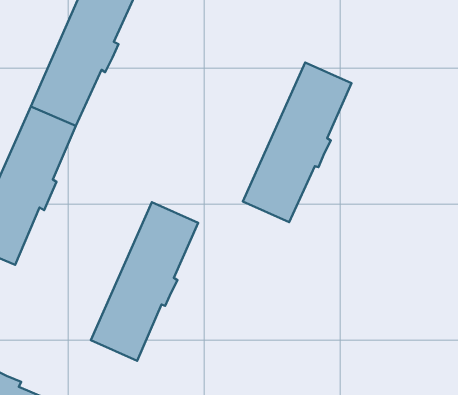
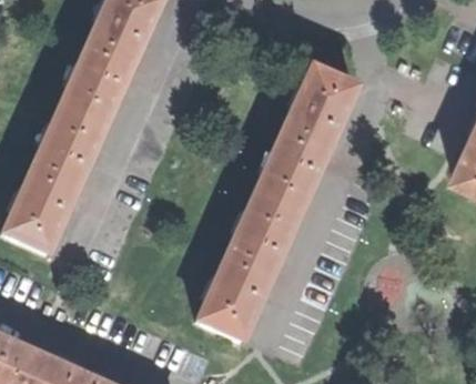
building: [91,202,198,361] -> [201,193,298,337]

